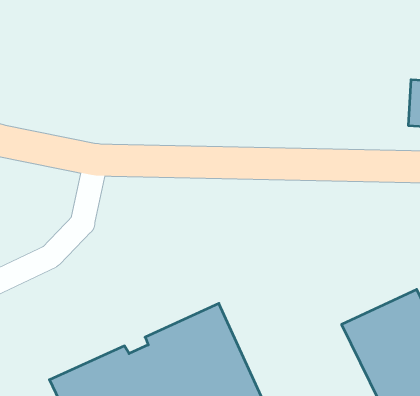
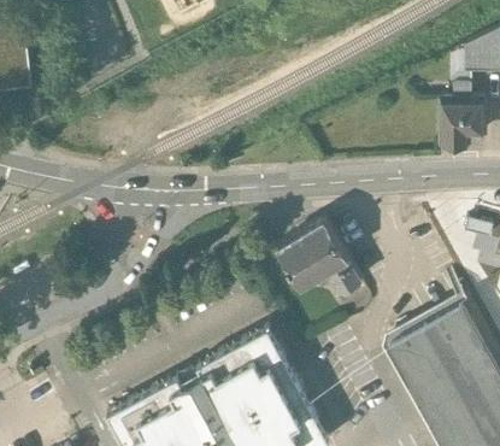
building: none -> [277,219,361,295]

